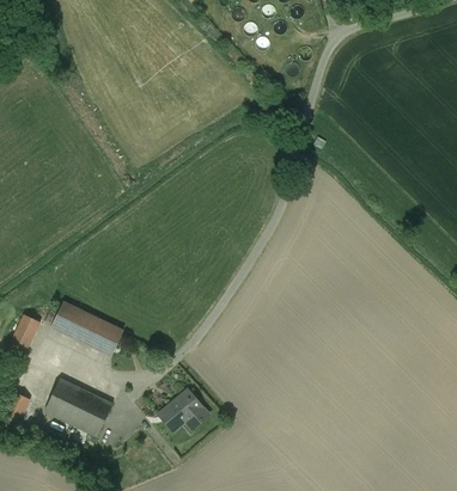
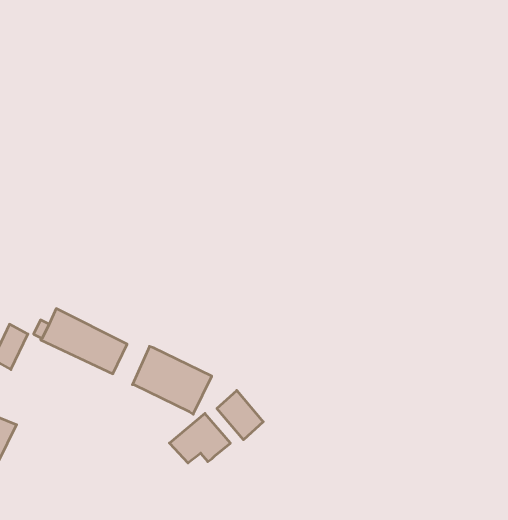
building: none -> [217,390,263,440]
building: [45,378,112,435] -> [132,346,212,414]

